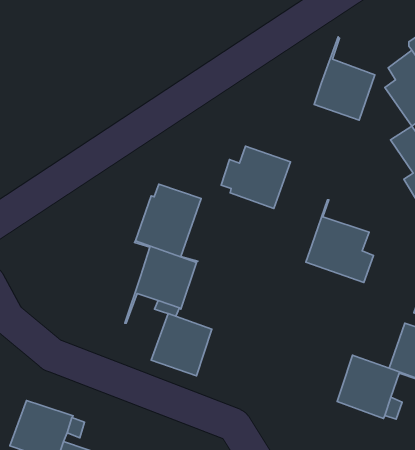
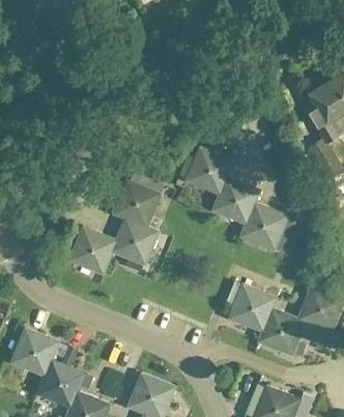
building: [314,37,375,120] -> [211,160,258,224]
building: [151,314,212,376] -> [68,227,115,274]
building: none -> [226,281,276,331]

